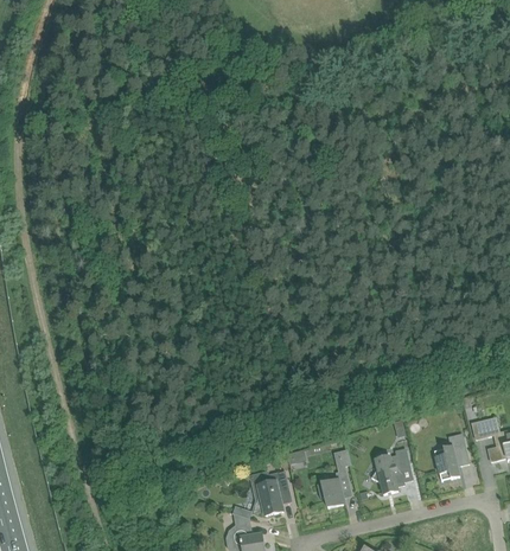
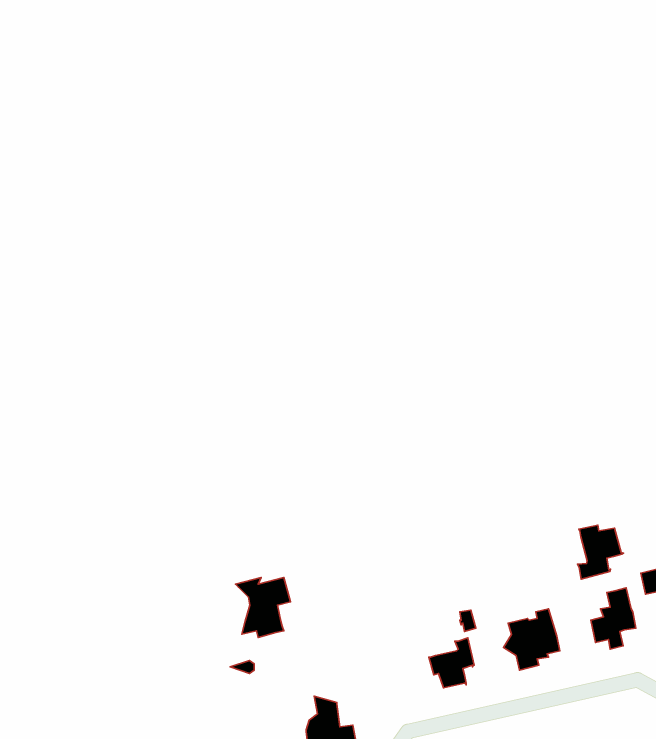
building: none -> [577,525,623,579]
building: [248,472,288,515] -> [235,578,290,637]

